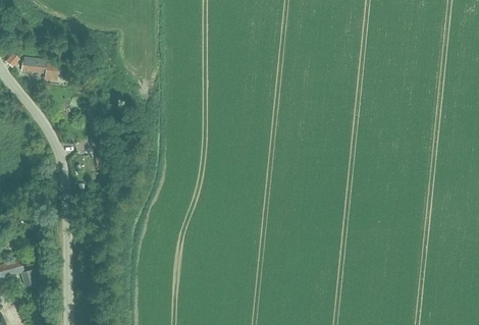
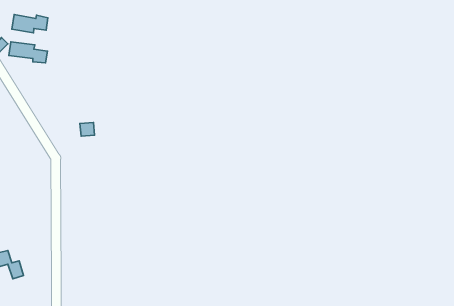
building: none -> [12,15,48,33]

